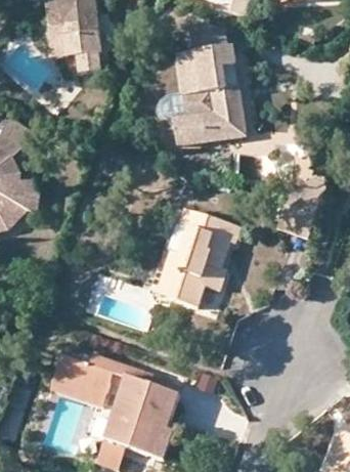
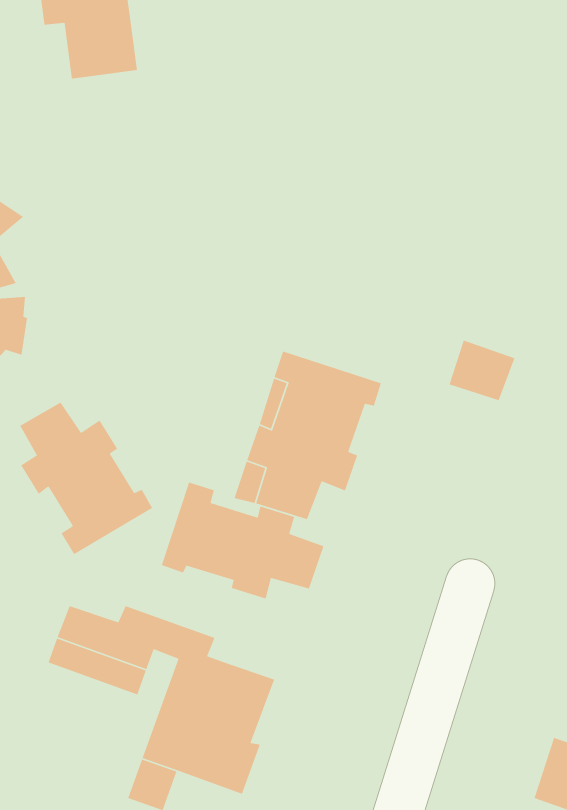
building: [172,49,245,147] -> none
building: none -> [19,401,153,555]
building: none -> [161,482,325,600]

